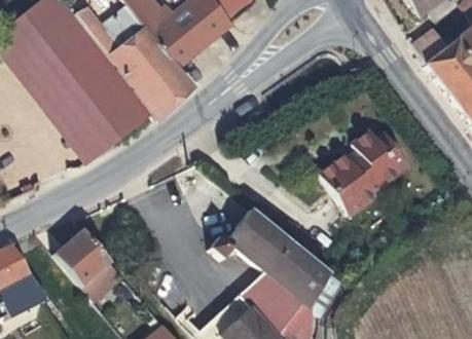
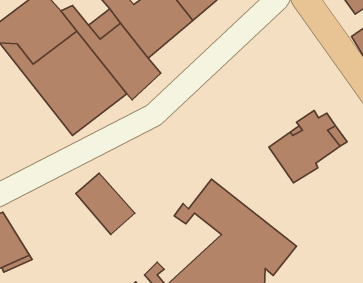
building: [56,230,123,301] -> [76,173,135,235]

